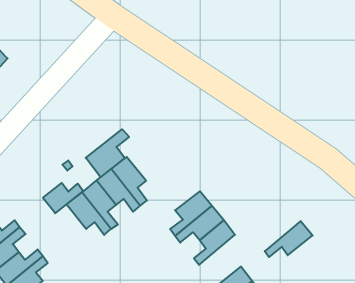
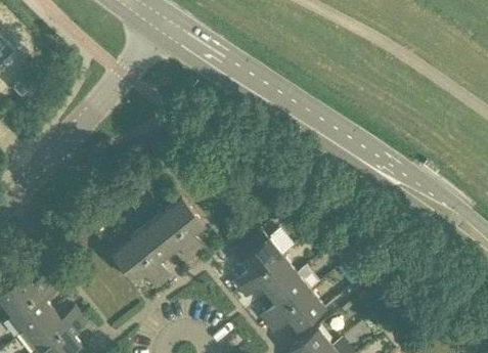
building: [86,129,129,177] -> none
building: [43,183,83,213] -> none
building: [265,221,313,257] -> [267,292,324,335]

